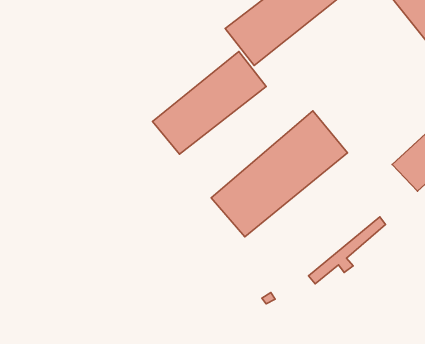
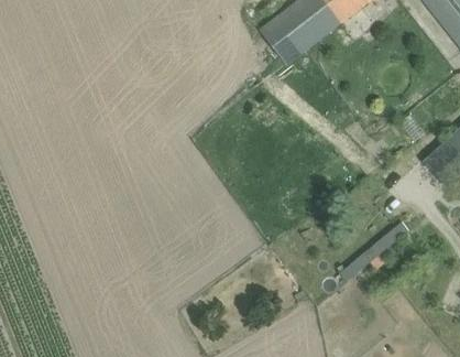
building: [153,52,266,154] -> none
building: [211,111,348,237] -> none

